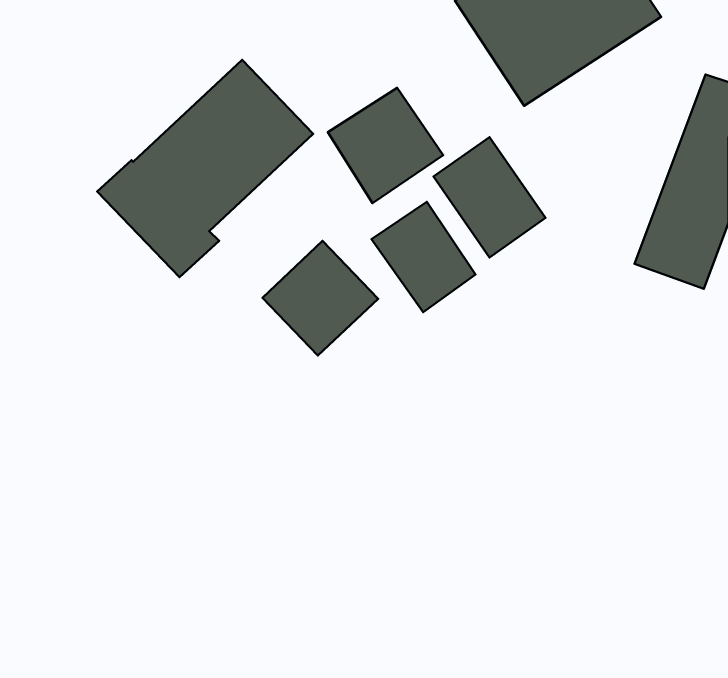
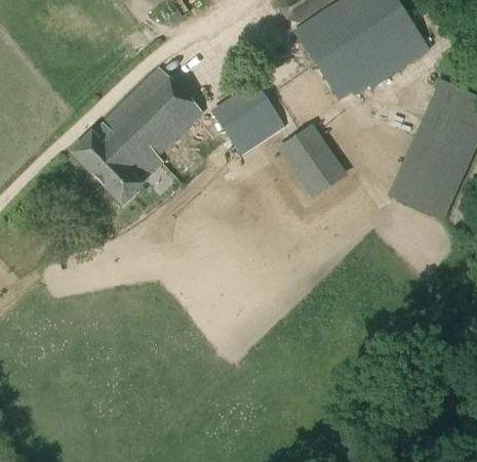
building: [371,202,475,312] -> none
building: [262,241,378,356] -> none

